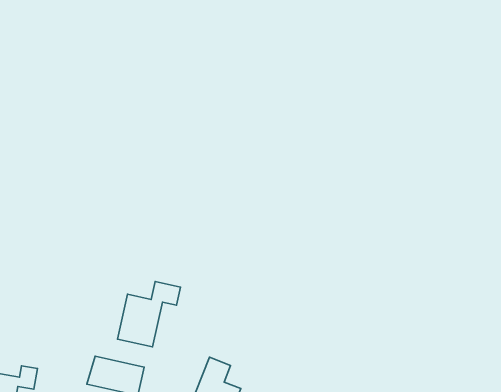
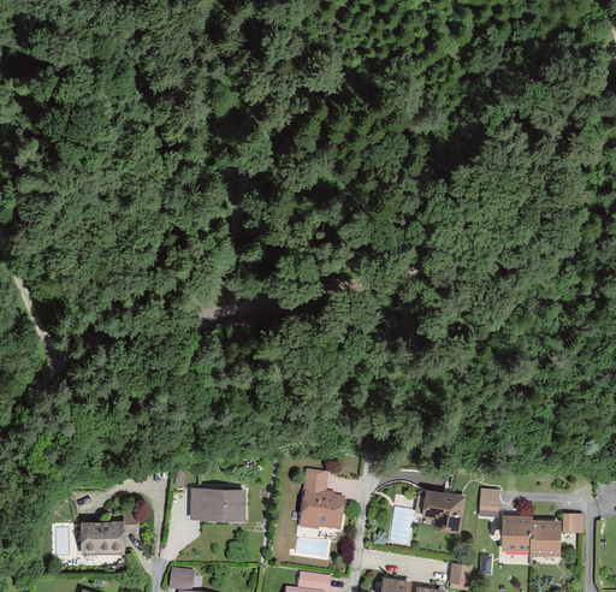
building: [118,282,180,347] -> none

